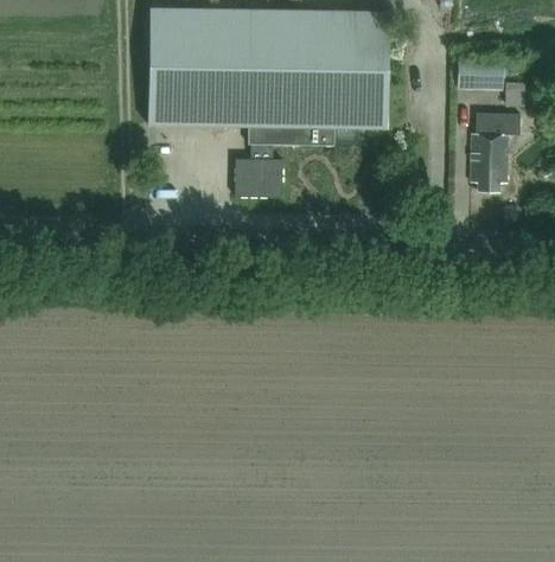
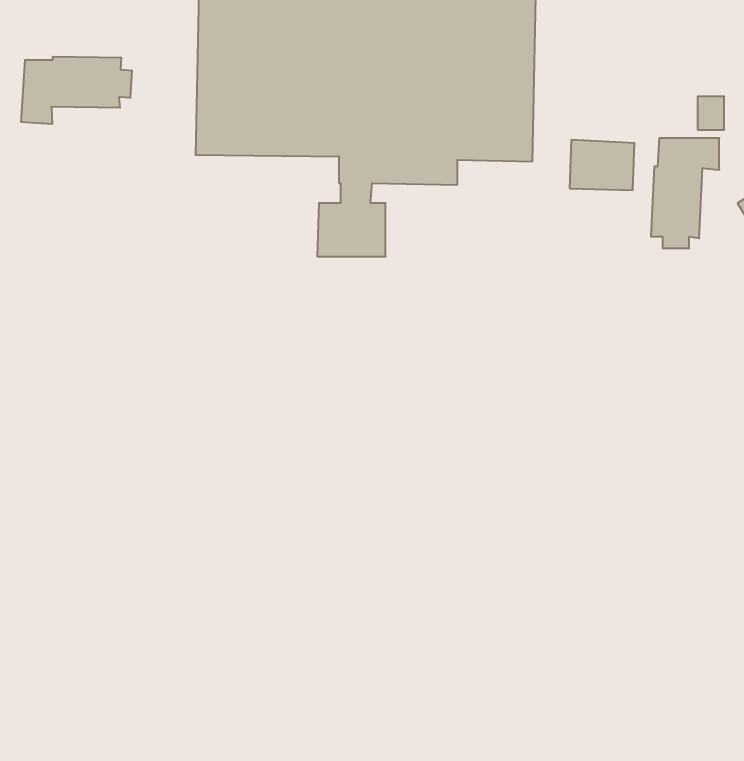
building: none -> [21,57,132,124]
building: [455,55,502,90] -> [570,140,635,190]

